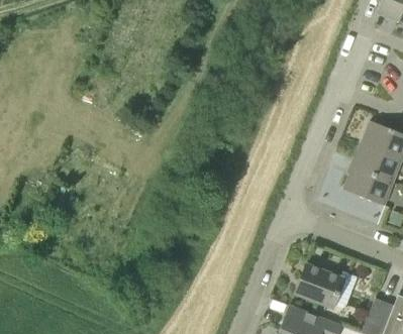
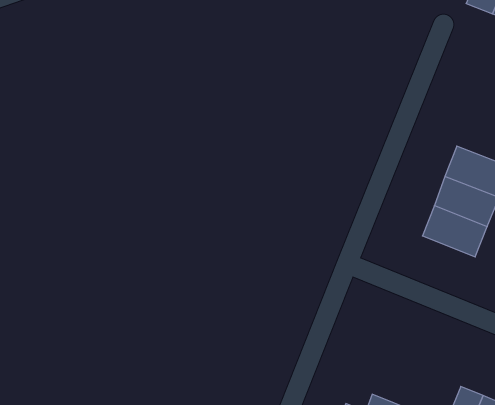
building: [296,263,345,308] -> none

